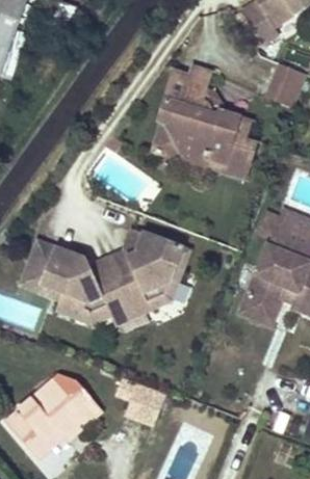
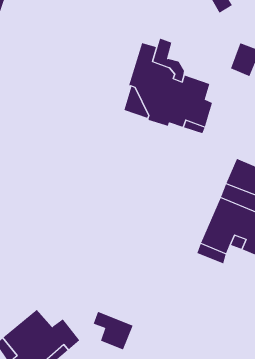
building: [22,227,190,323] -> none

